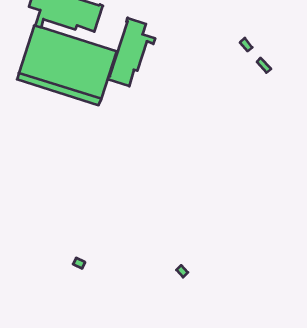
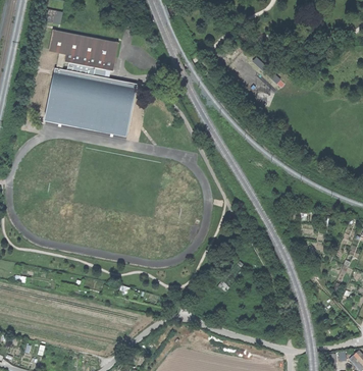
building: [108,18,155,86] -> none

